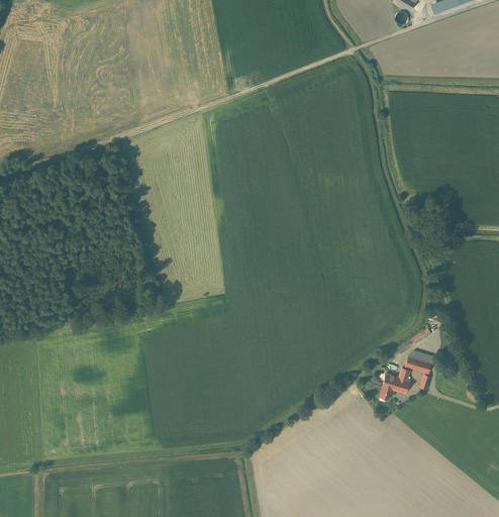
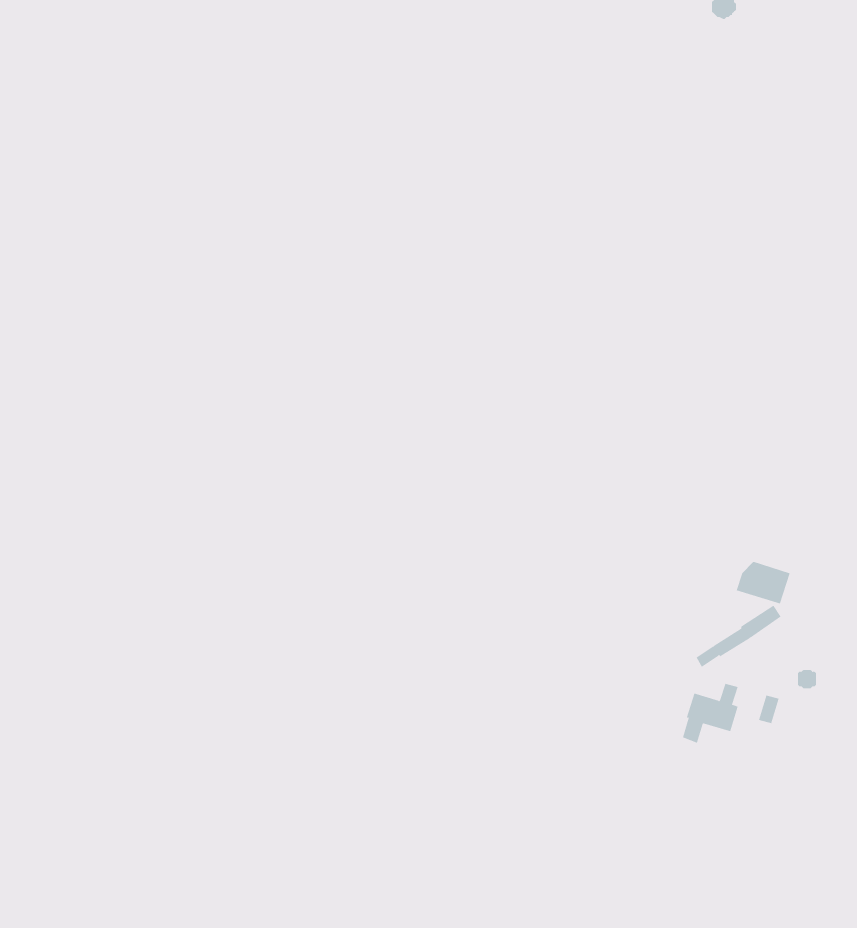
building: [405,350,433,373] -> [736,561,790,604]

